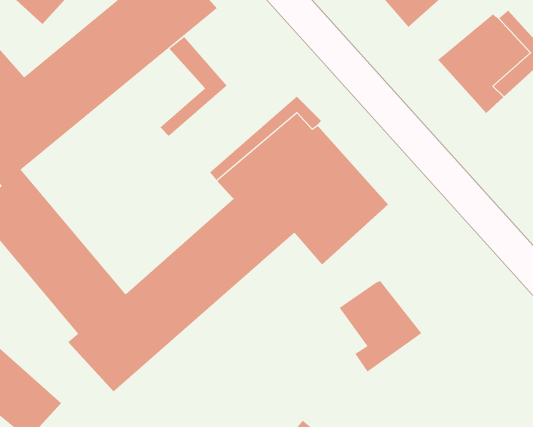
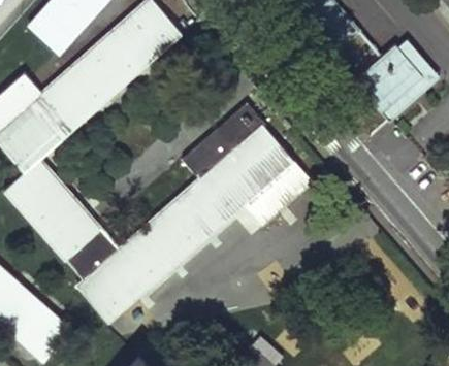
building: [159,36,227,137] -> none
building: [339,280,422,373] -> none

